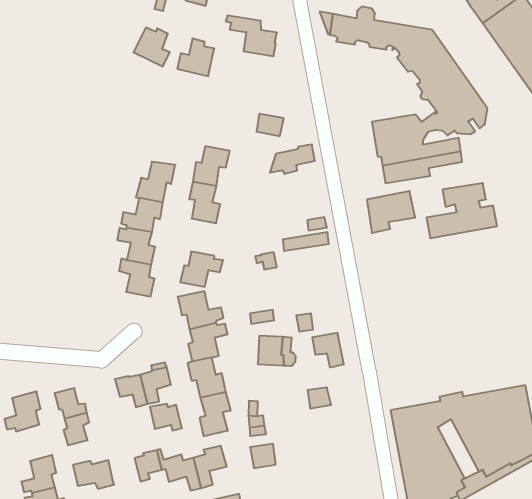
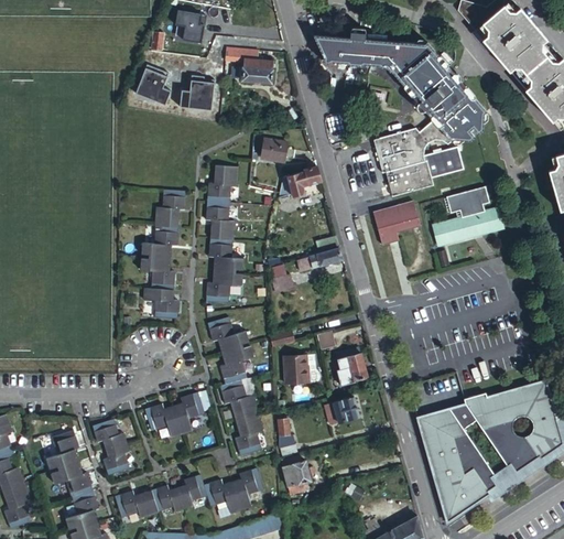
building: none -> [205,248,242,282]
building: [150,404,182,431] -> [148,486,181,511]
building: none -> [48,462,93,498]

